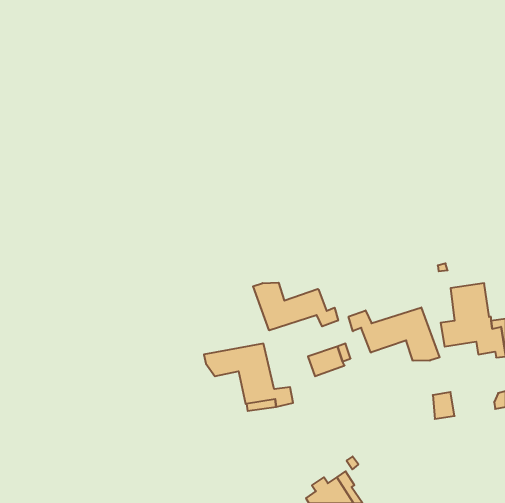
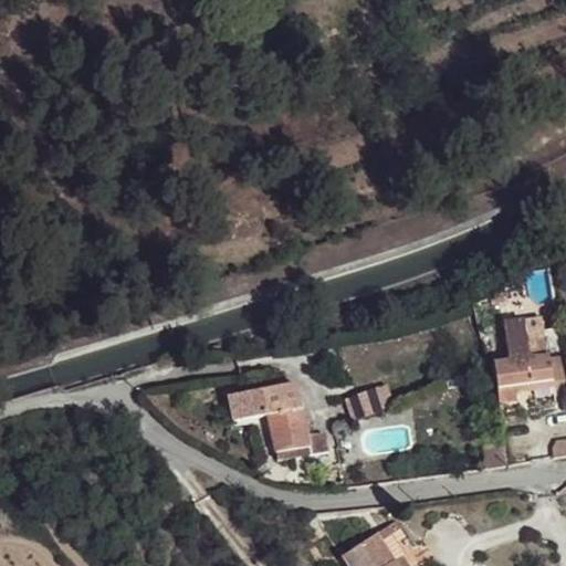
building: [253,283,338,330] -> none
building: [349,307,440,361] -> none

